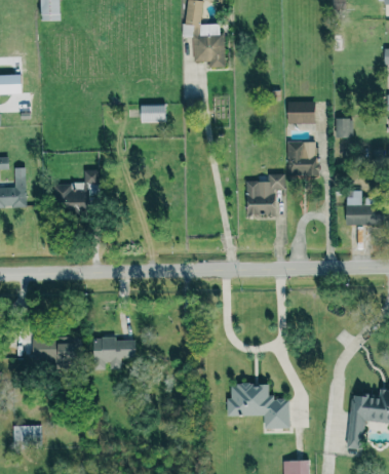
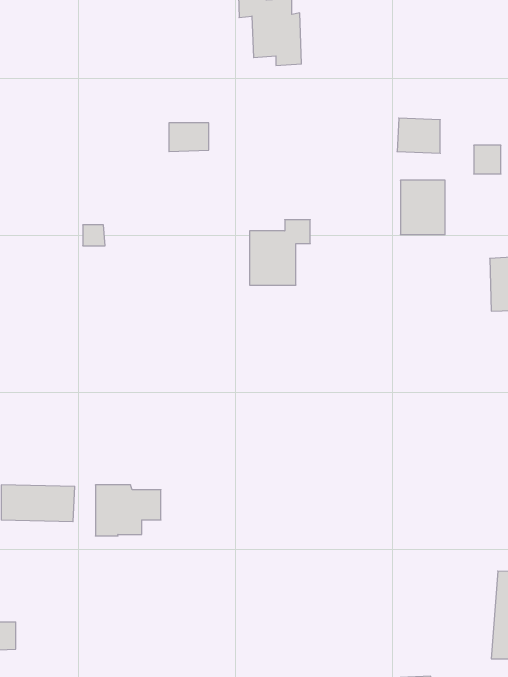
building: [246,174,285,216] -> [250,220,310,285]
building: [54,185,88,212] -> none
building: [228,384,290,429] -> none

